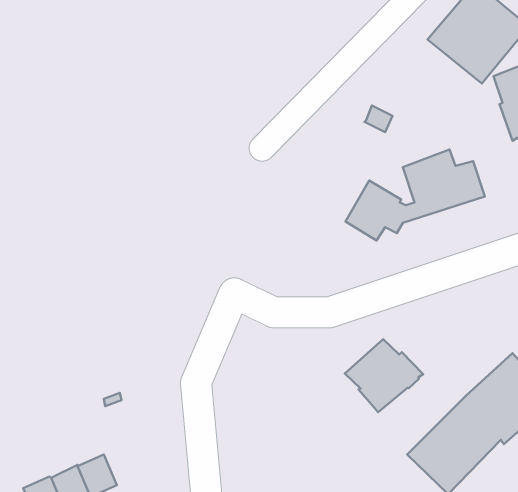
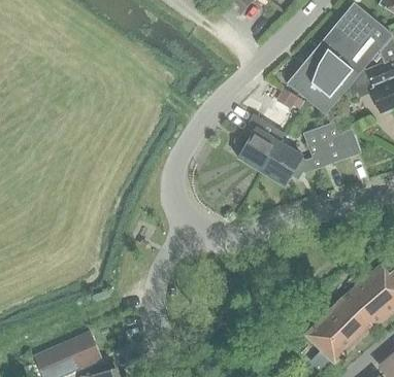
building: none -> [286,42,358,113]
building: none -> [234,113,285,170]
building: [345,339,423,412] -> none

